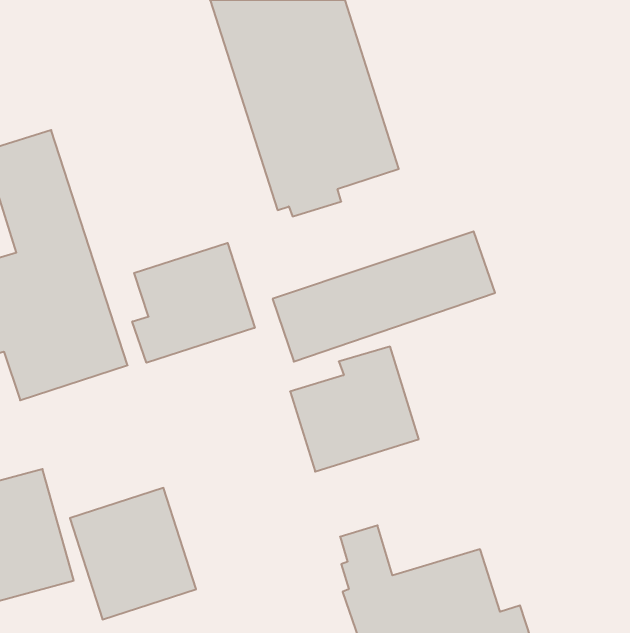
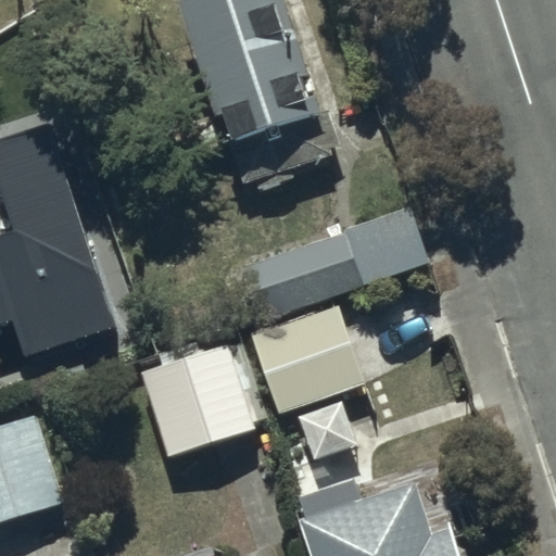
building: [132,243,255,363] -> none
building: [70,488,196,619] -> [142,344,252,458]

